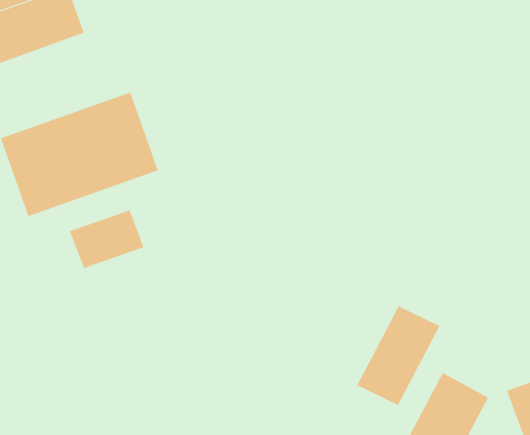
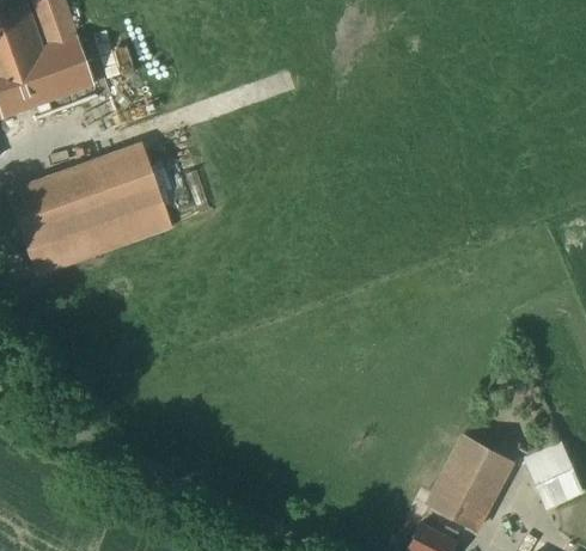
building: [69,209,144,269] -> none
building: [357,305,440,406] -> none

